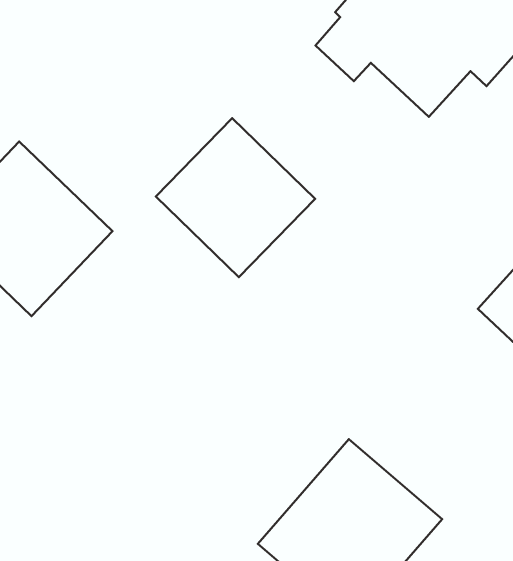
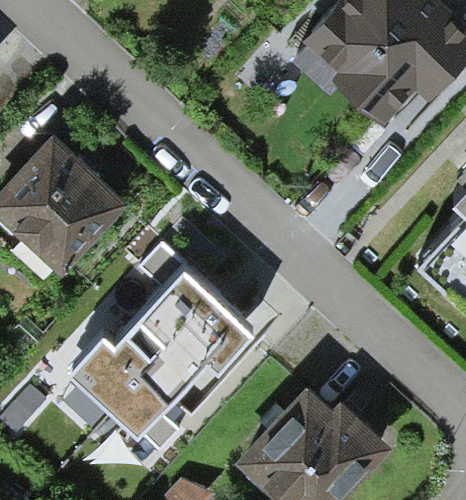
building: [156,118,315,277] -> none
building: none -> [69,257,253,424]

